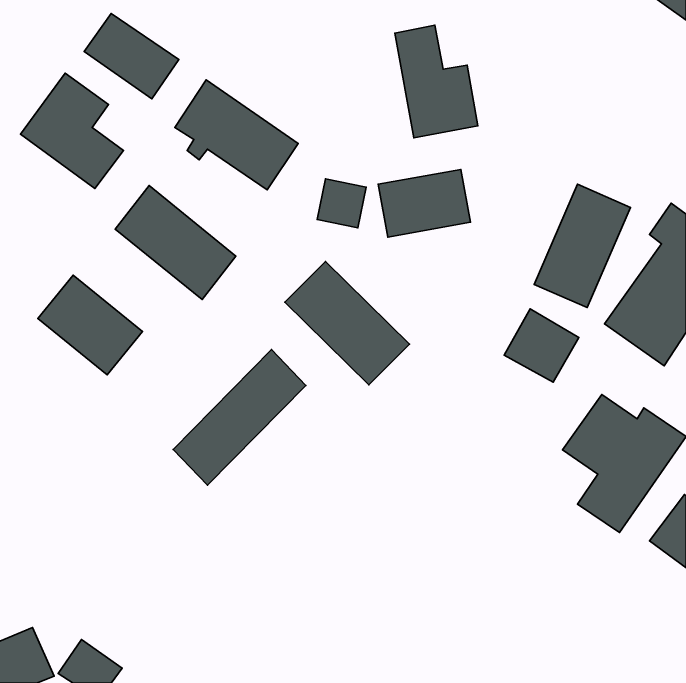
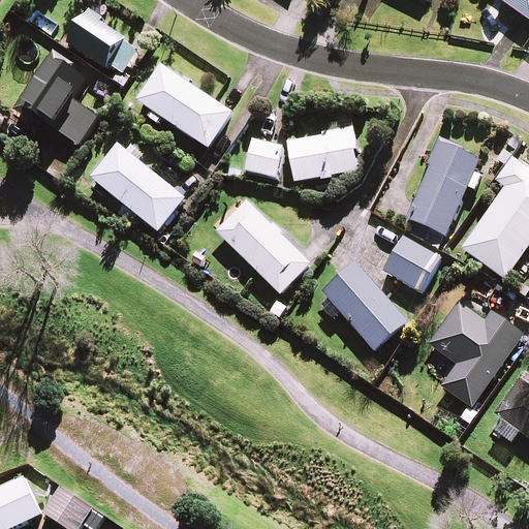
building: [395,25,478,138] -> none
building: [38,275,143,375] -> none
building: none -> [322,261,409,350]
building: [173,350,306,485] -> none

